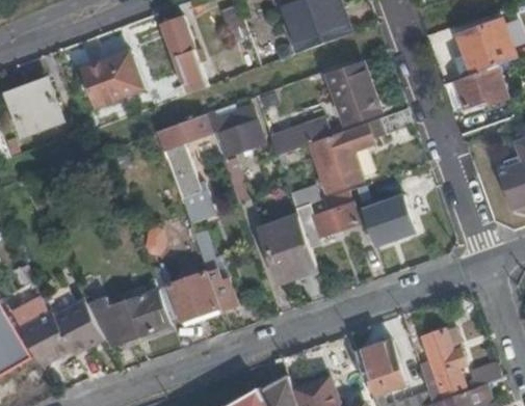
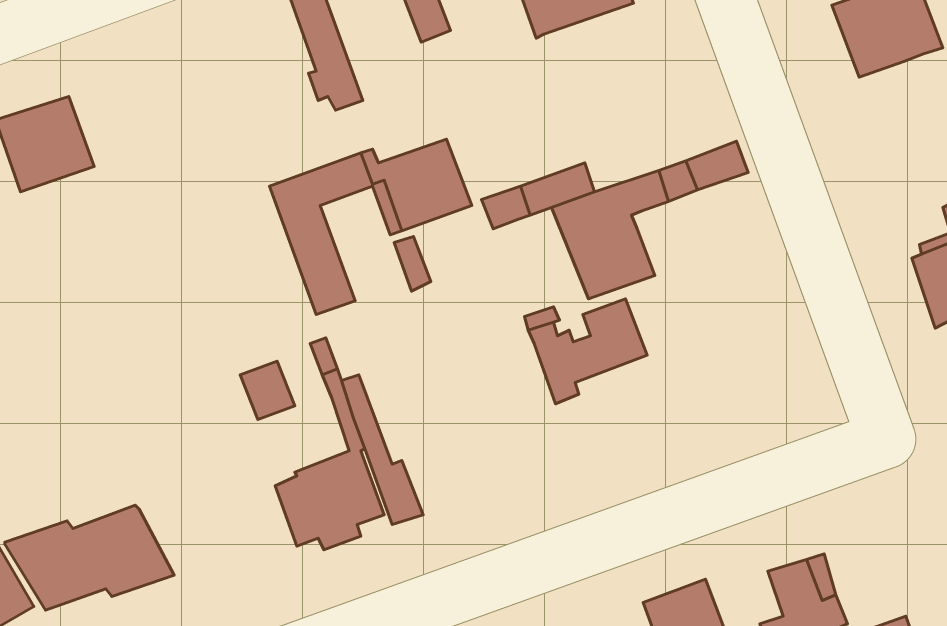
building: [80,48,143,106] -> none
building: [325,62,380,124] -> none
building: [453,65,506,107] -> none
building: [362,196,416,247] -> none
building: [262,216,316,280] -> none
building: [86,291,170,347] -> none

